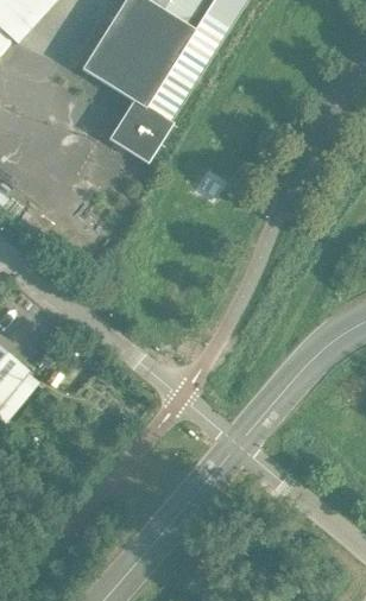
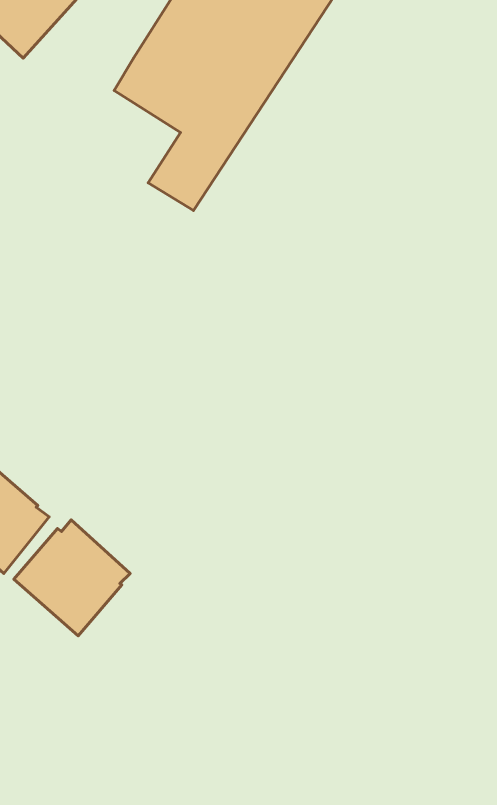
building: none -> [14,520,130,636]

